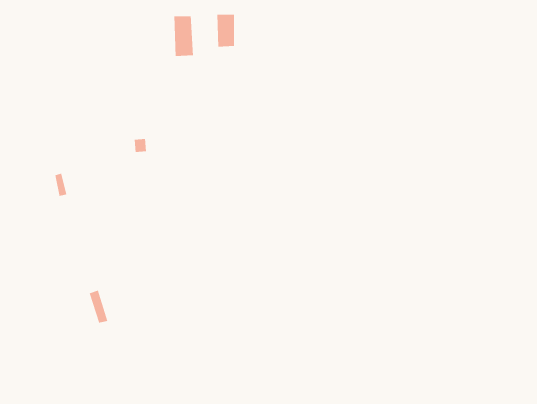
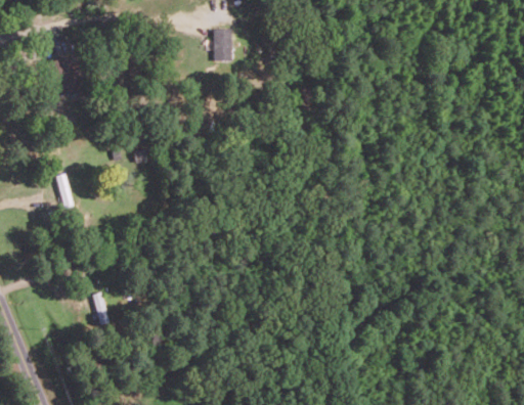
building: [174,15,193,57] -> none

